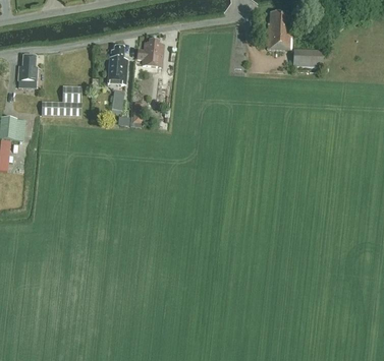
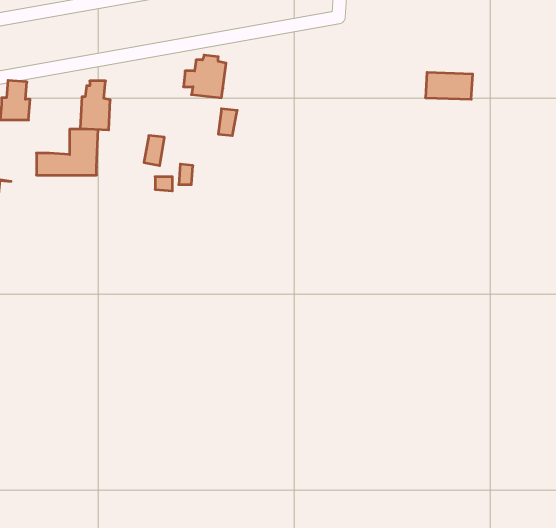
building: [266,11,293,50] -> none
building: [107,47,126,78] -> [80,81,110,130]

